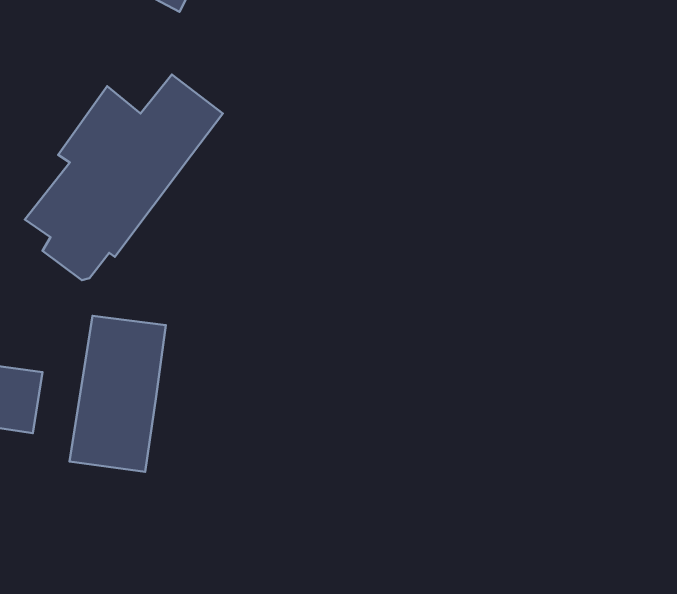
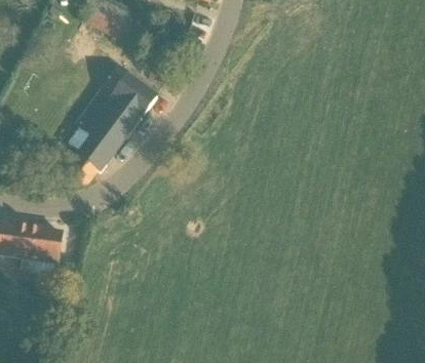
building: [69,316,166,472] -> none

